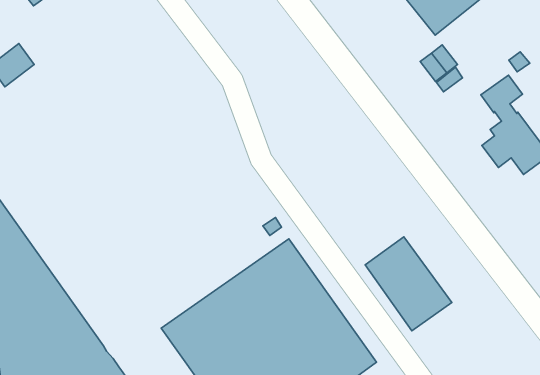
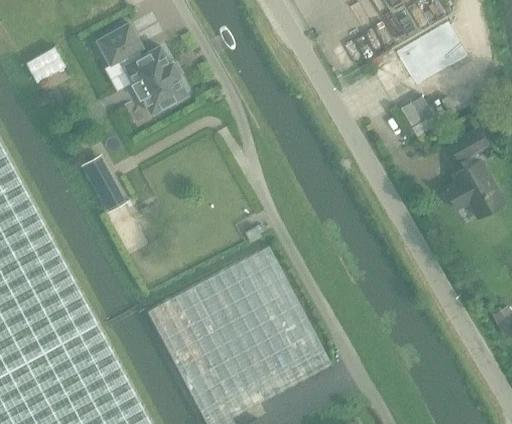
building: none -> [99,24,186,113]
building: none -> [83,156,125,211]
building: [365,237,452,331] -> none

